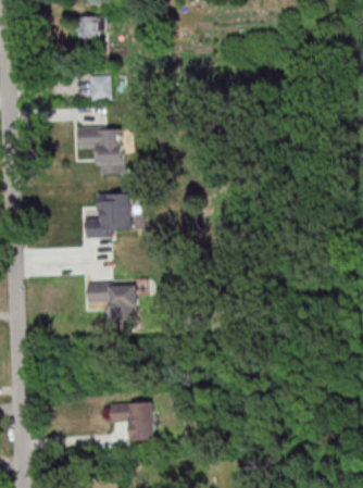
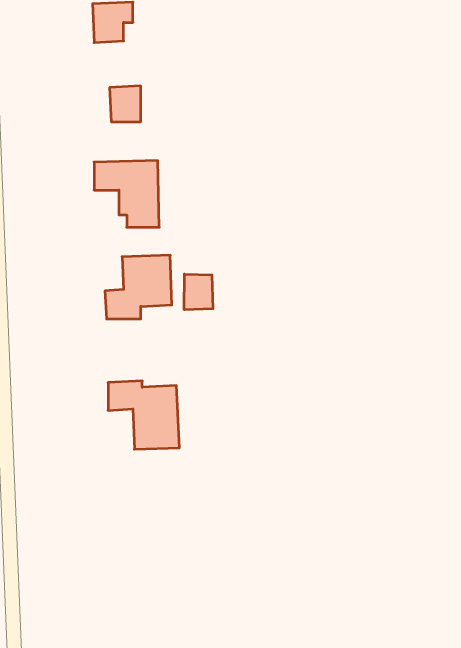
building: none -> [184,274,213,310]
building: [111,402,153,440] -> none

